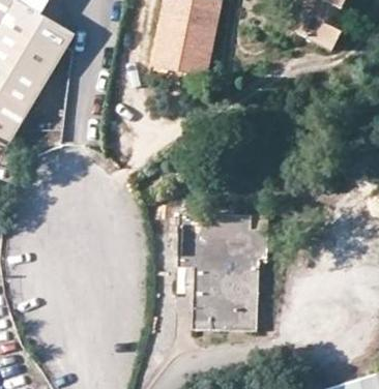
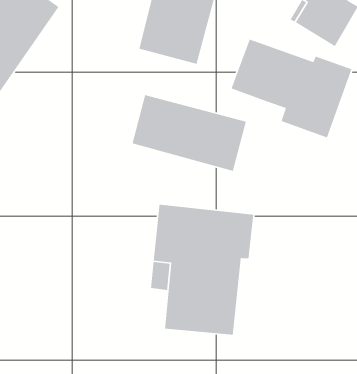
building: none -> [230,38,352,139]
building: none -> [131,94,247,172]

